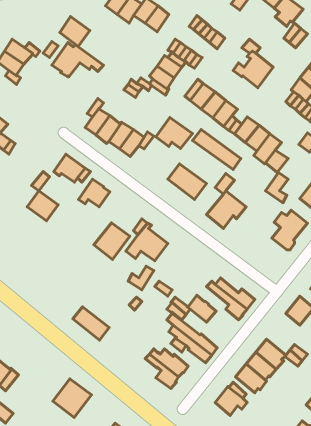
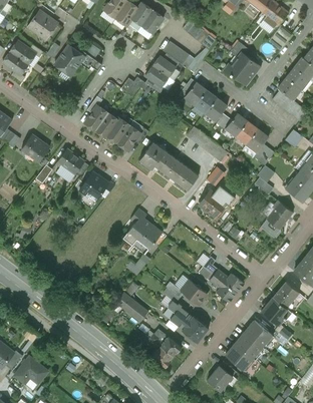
building: [60,16,90,47] -> [29,11,57,39]
building: [156,117,192,149] -> [139,142,174,171]
building: [27,191,58,221] -> [21,134,50,162]
building: [94,223,130,259] -> none
building: [73,307,109,340] -> [114,291,148,322]
building: none -> [261,297,288,326]
building: [53,379,91,417] -> [14,353,50,389]

